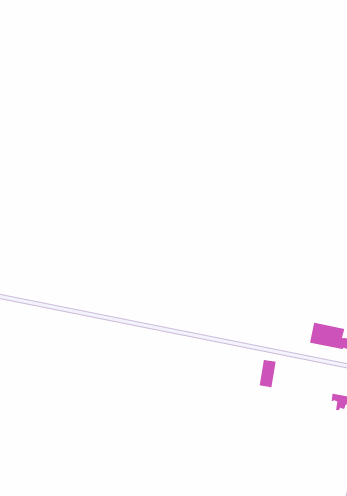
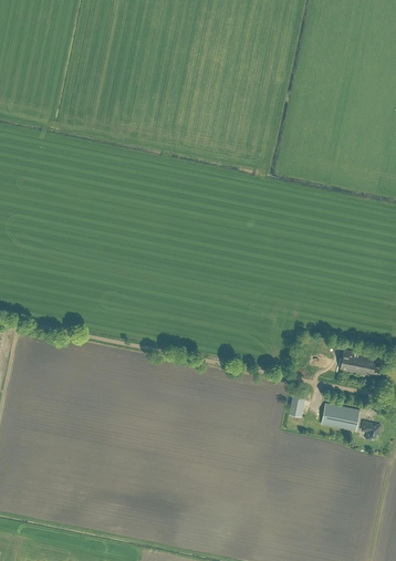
building: none -> [320,404,358,432]

